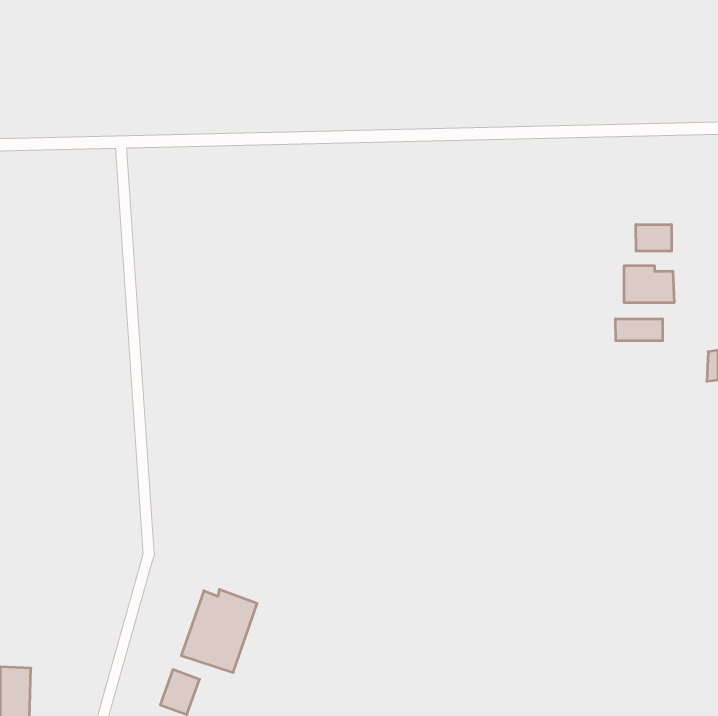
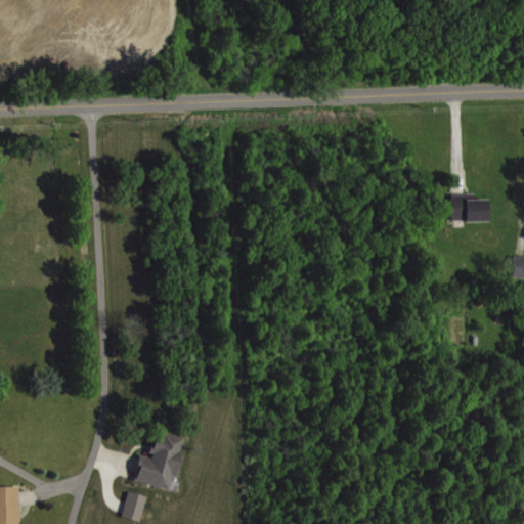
building: [636,224,672,251] -> none
building: [616,319,663,341] -> none

